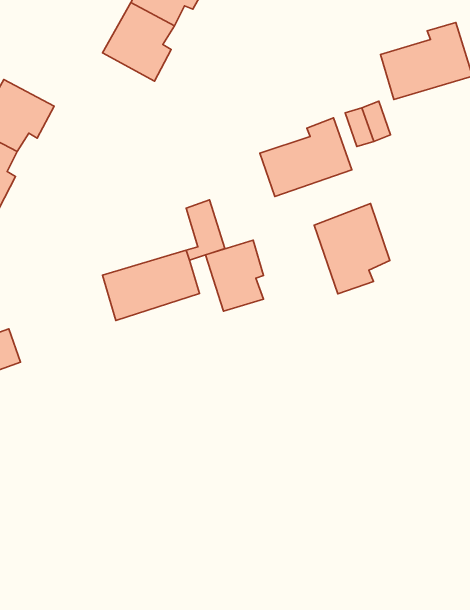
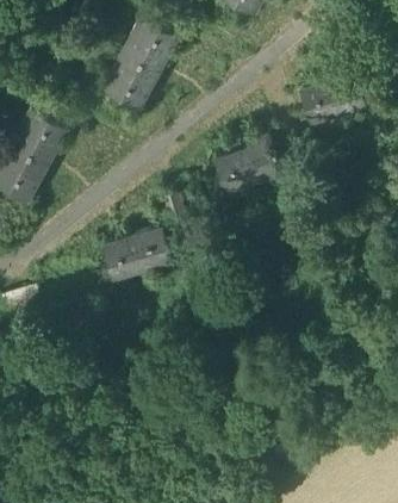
building: [314,204,390,294] -> none
building: [205,240,264,311] -> none

